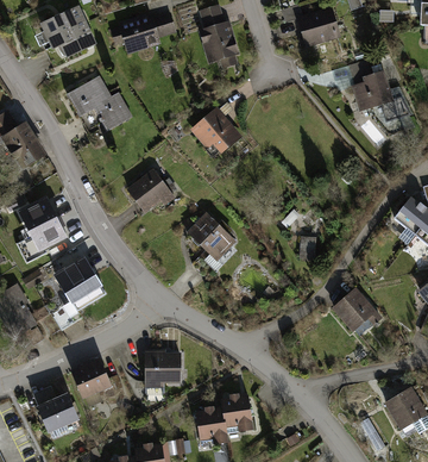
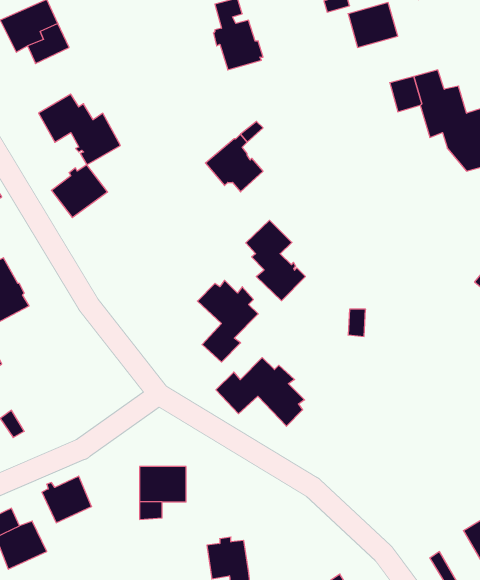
building: [121,14,174,51] -> none
building: [128,171,170,211] -> [51,165,108,218]
building: none -> [246,220,305,301]
building: [56,262,99,305] -> none
building: none -> [216,358,305,426]
building: [334,289,380,330] -> none
building: [222,394,253,432] -> none

